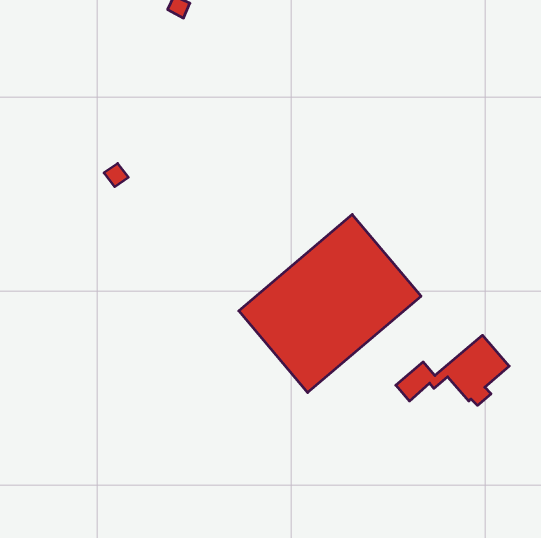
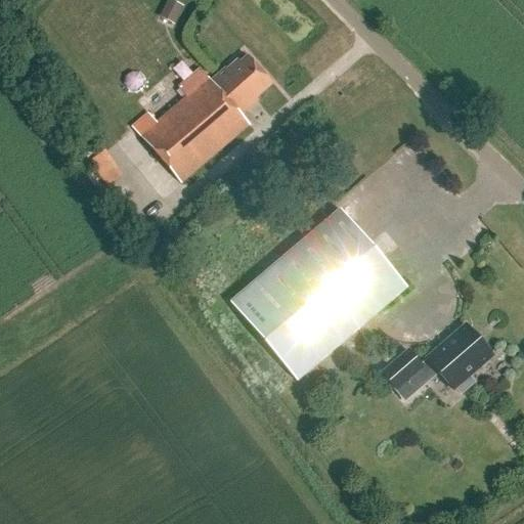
building: none -> [133,54,272,181]

